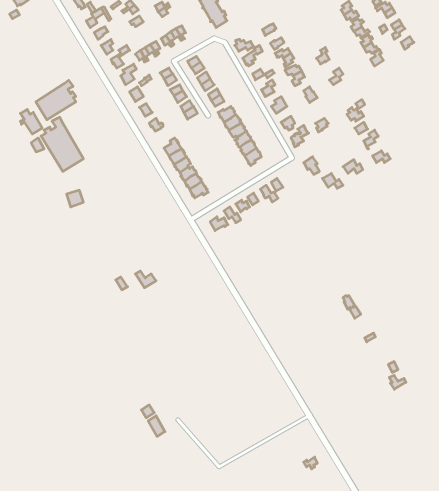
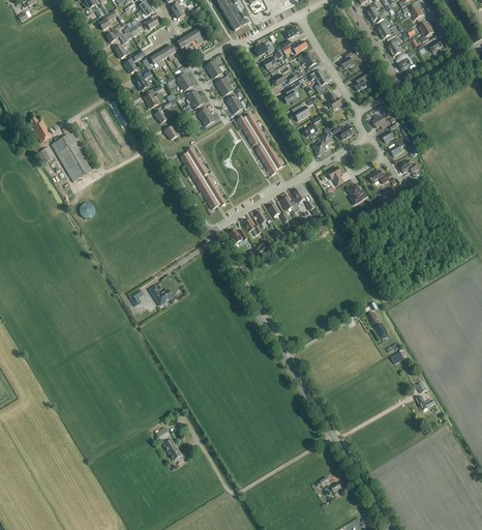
building: [36,80,76,120] -> none

